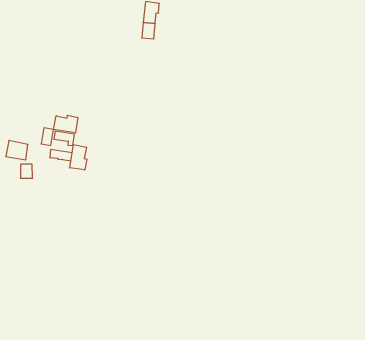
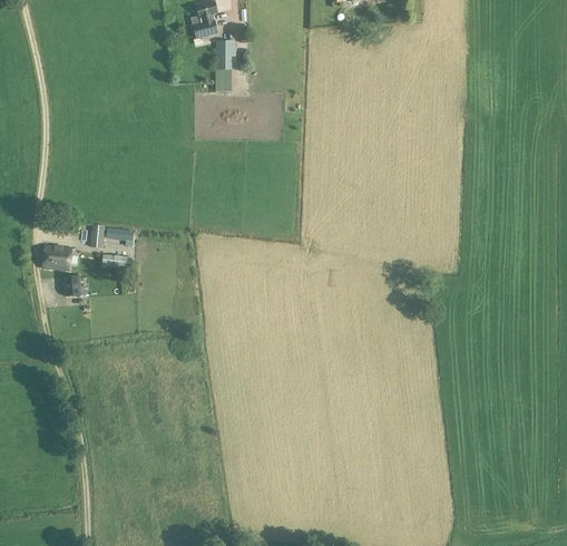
building: [53,115,78,133] -> none
building: [70,144,87,170] -> none

